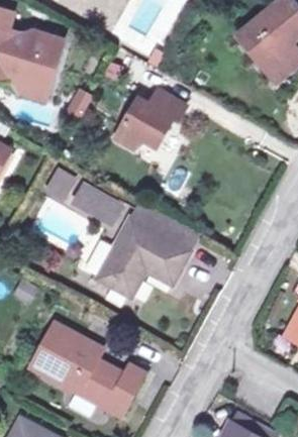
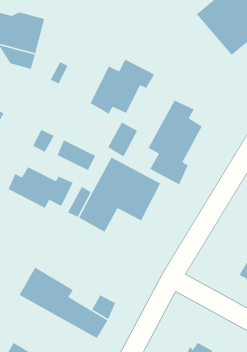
building: none -> [148,100,203,185]
building: none -> [107,122,138,157]
building: none -> [7,166,74,209]

